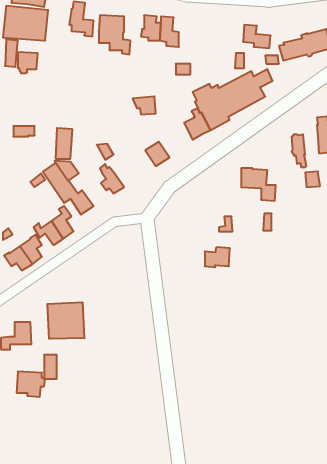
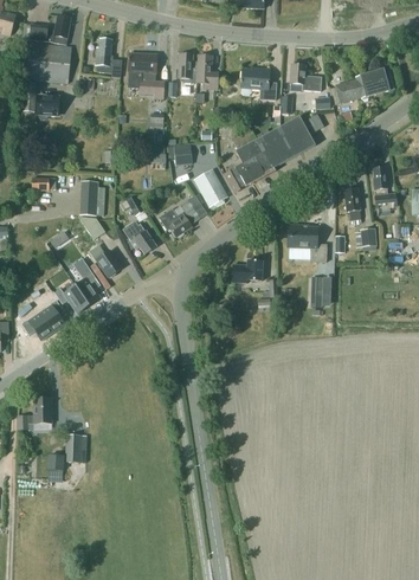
building: none -> [240,67,276,99]
building: none -> [194,169,227,206]
building: none -> [159,208,192,237]
building: [205,247,230,267] -> [234,259,263,282]
building: [47,302,84,339] -> none

